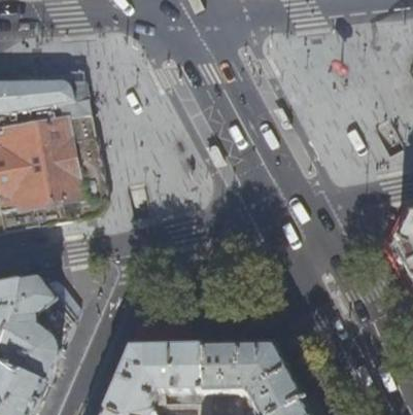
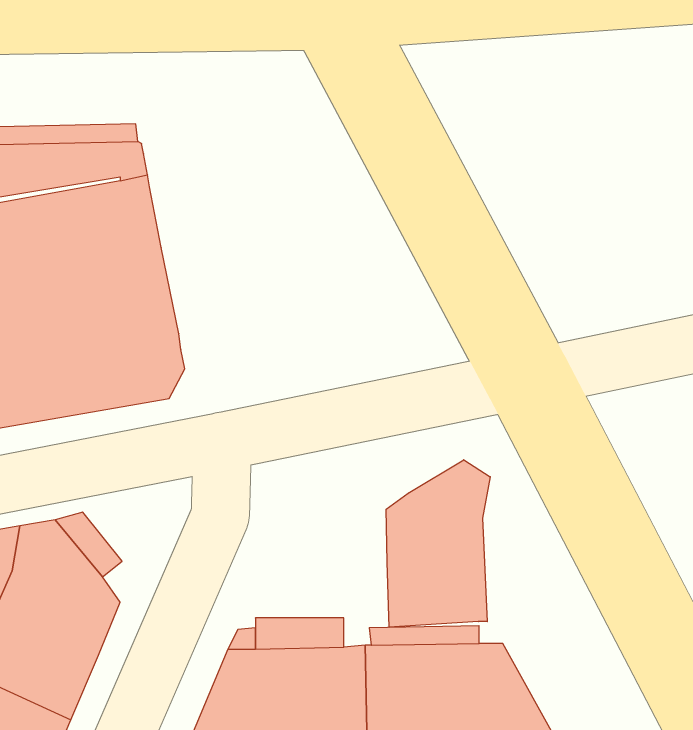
building: none -> [386,460,490,627]

